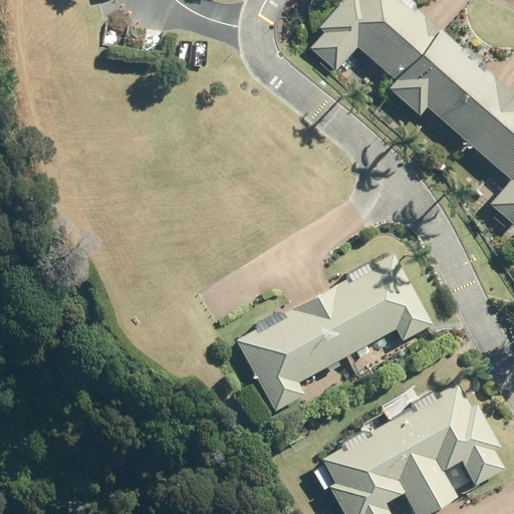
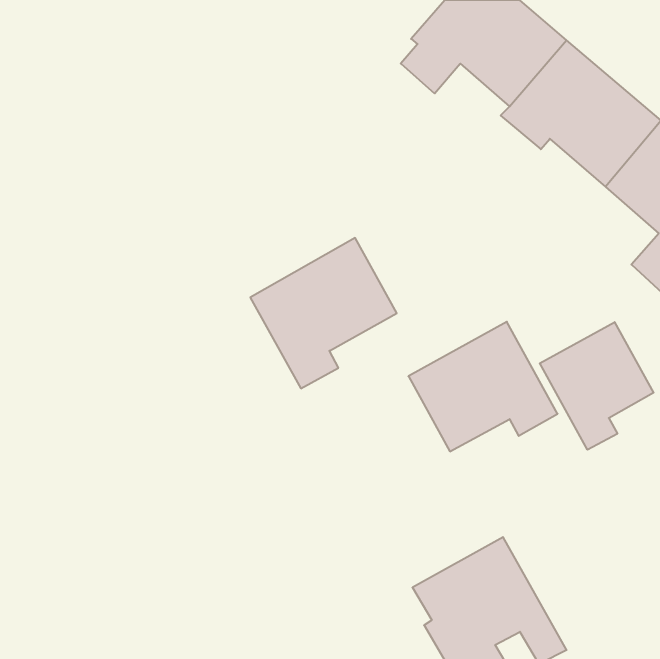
building: none -> [540,322,654,450]
building: [237,294,350,411] -> [250,238,397,388]
building: [392,381,507,506] -> none

